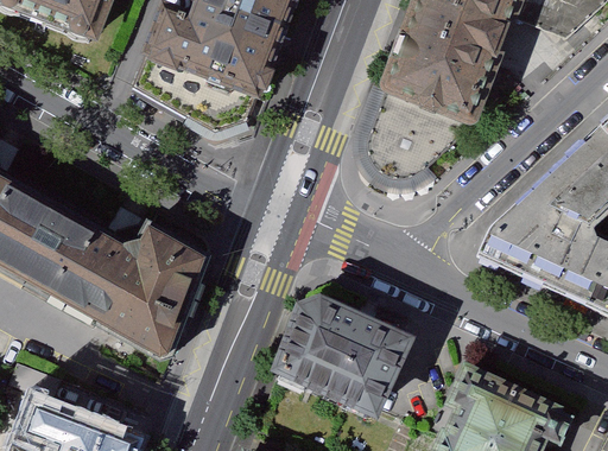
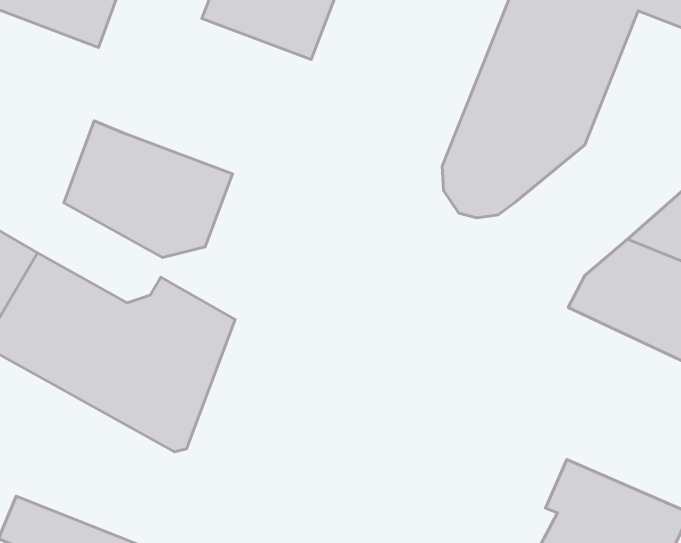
building: [138,11,270,117] -> [64,121,232,258]
building: [278,298,408,413] -> none

